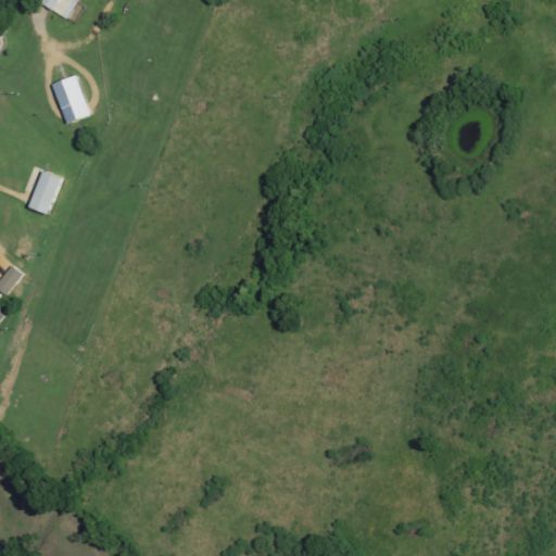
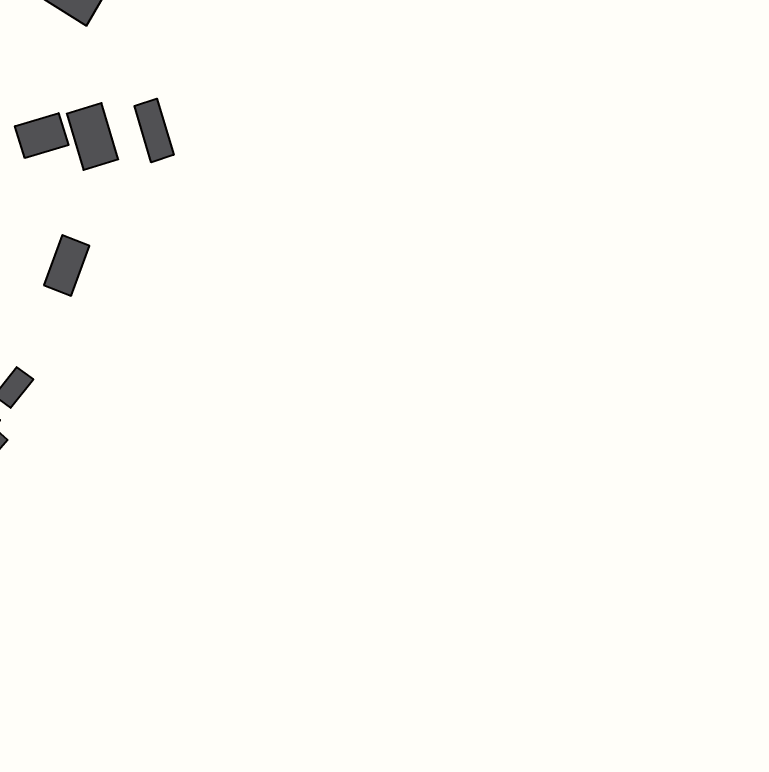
building: none -> [134,99,174,162]
building: none -> [15,113,69,158]

